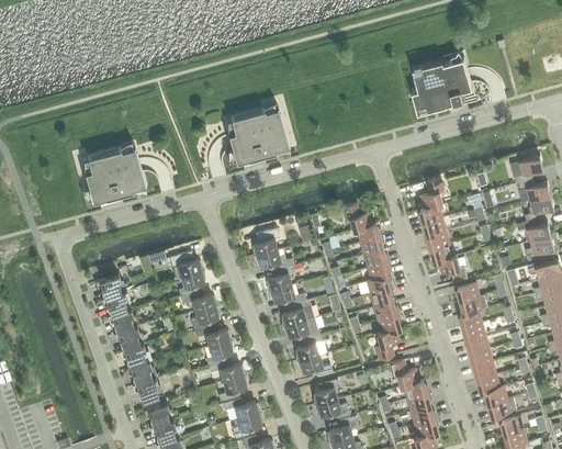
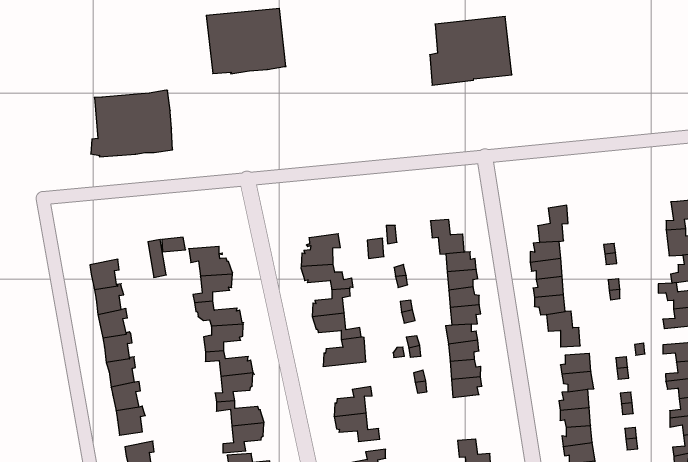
building: [413,54,475,113] -> [430,17,512,85]
building: [224,105,289,161] -> [206,8,286,74]
building: [282,317,319,339] -> none
building: [376,328,398,359] -> none

